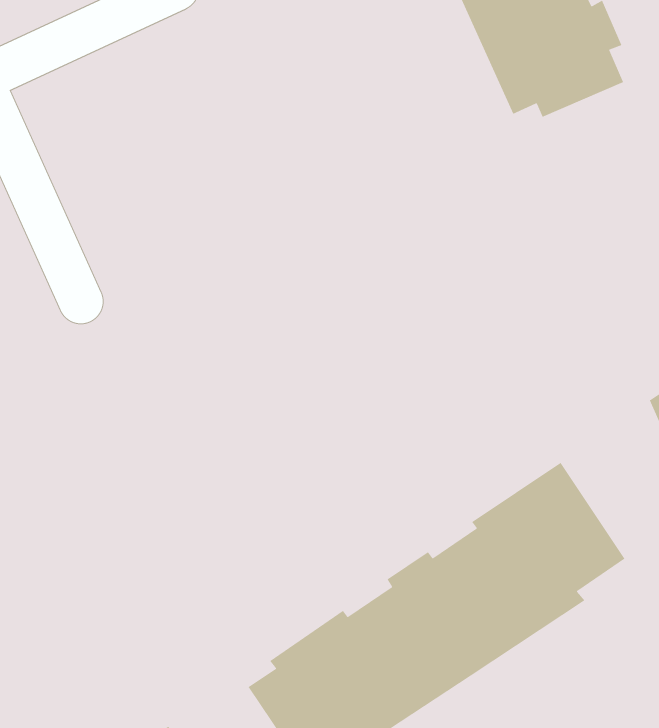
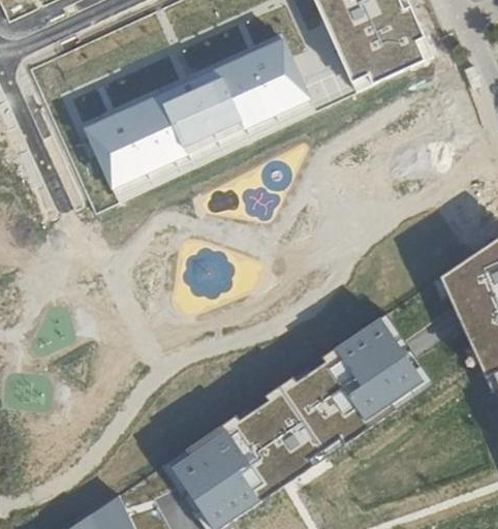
building: none -> [82,36,312,189]

